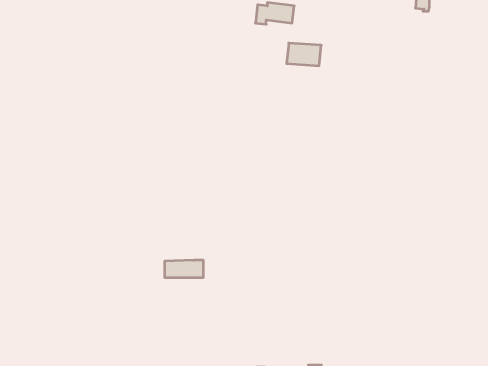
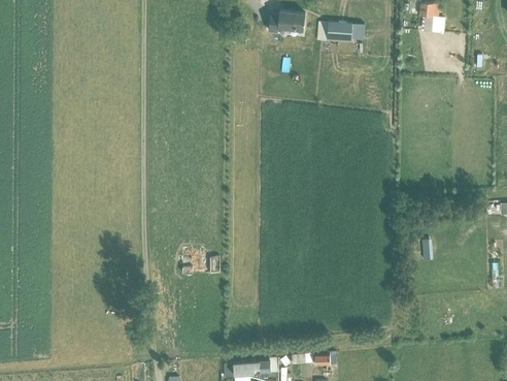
building: [287,43,321,66] -> [318,19,351,40]

